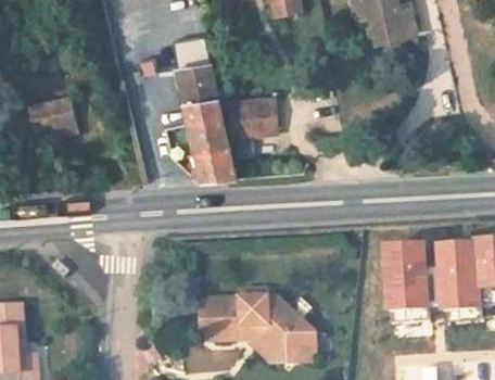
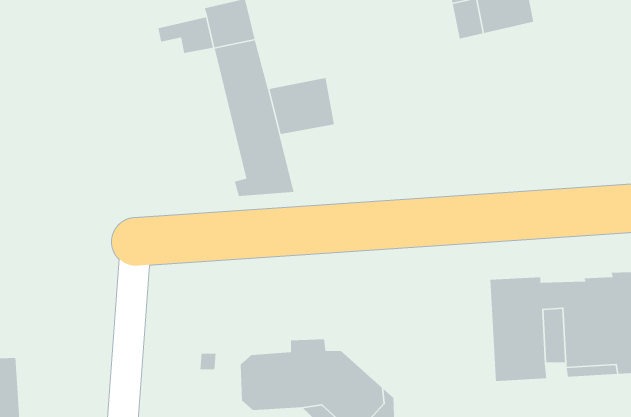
building: [29,92,84,137] -> none

